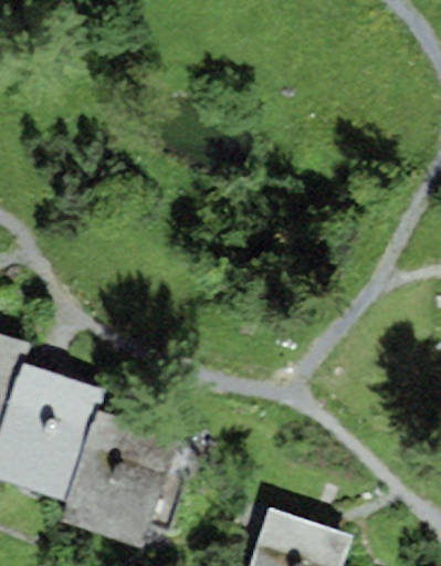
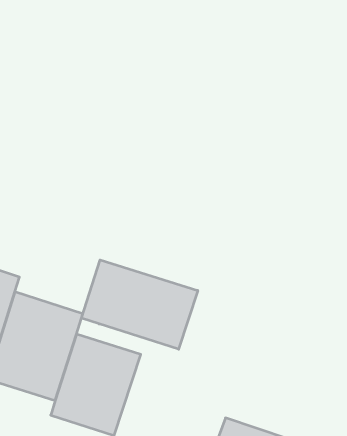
building: none -> [82,260,198,349]

